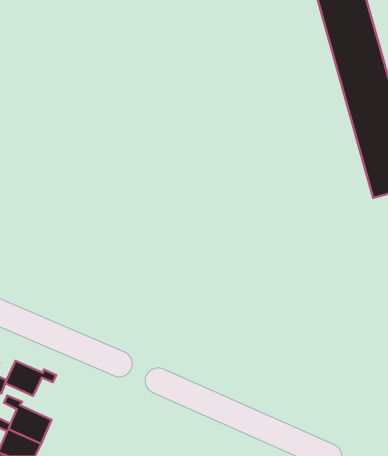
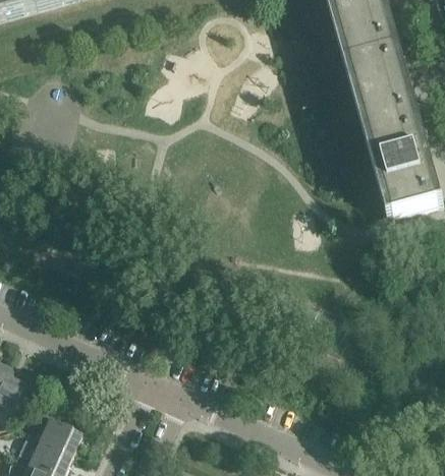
building: [5,361,56,396] -> none

